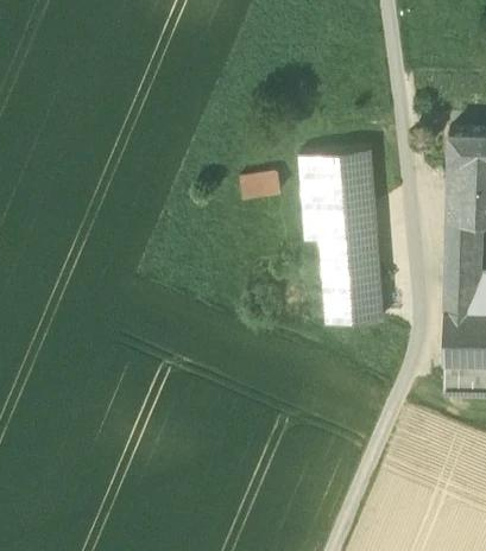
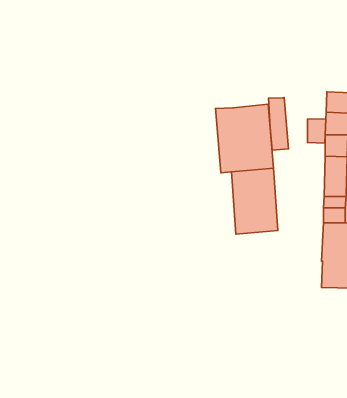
building: none -> [268,98,288,150]
building: none -> [307,119,326,143]
building: [239,170,280,195] -> none

